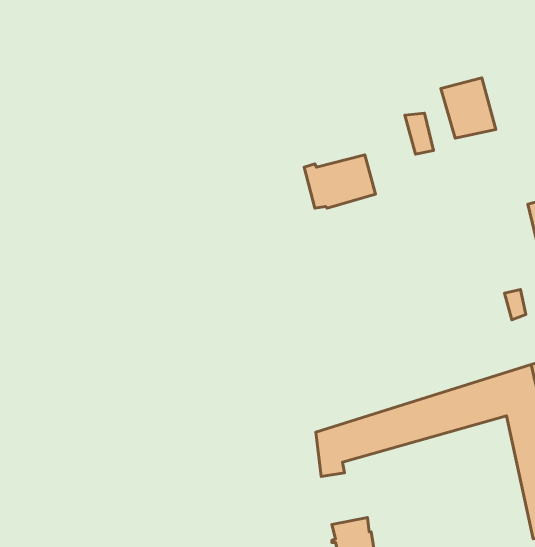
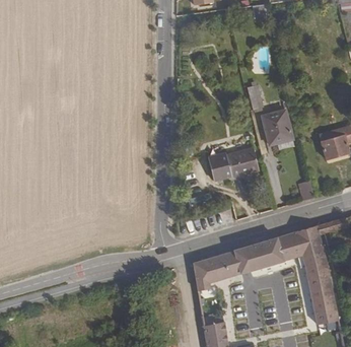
building: [441,78,496,138] -> [261,106,292,140]
building: [304,155,375,208] -> [219,145,260,176]

